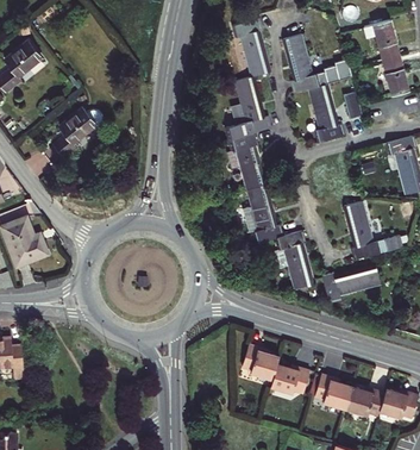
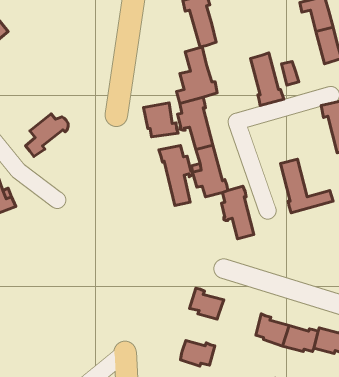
building: [283,35,351,94] -> none
building: [54,110,101,157] -> [25,114,68,157]
building: none -> [144,103,178,137]
building: none -> [159,146,193,206]
building: [320,267,380,307] -> none
building: [270,365,308,394] -> [180,341,215,366]

